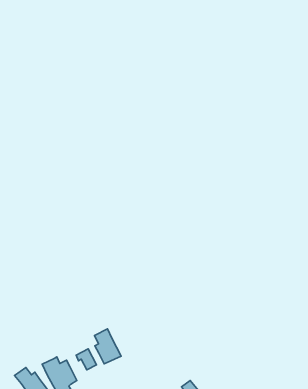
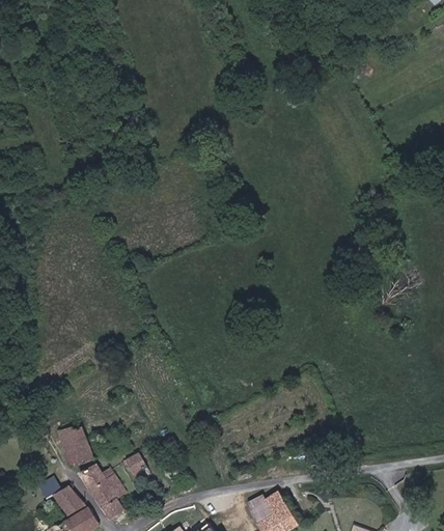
building: none -> [59,427,94,470]
building: [95,329,121,364] -> none

